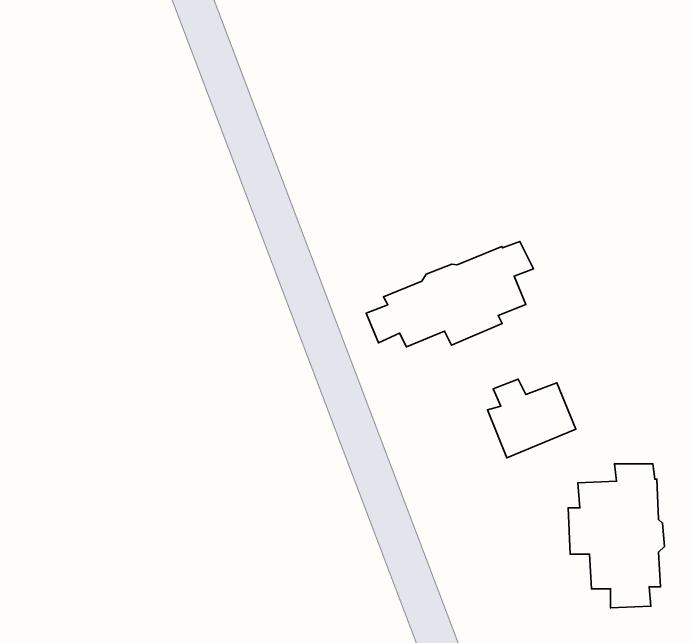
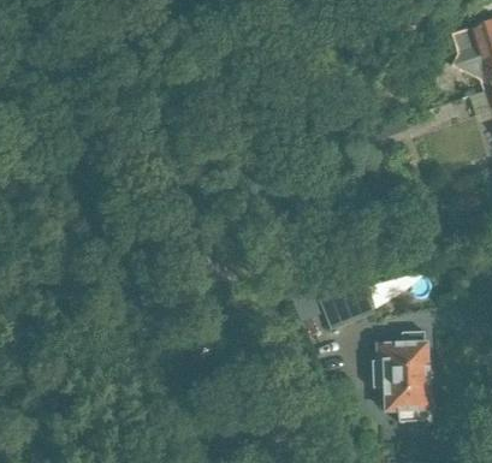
building: [366,242,534,347] -> none

